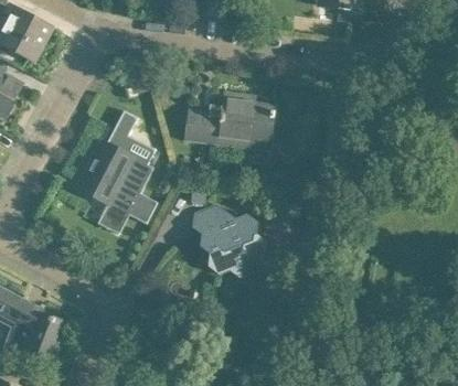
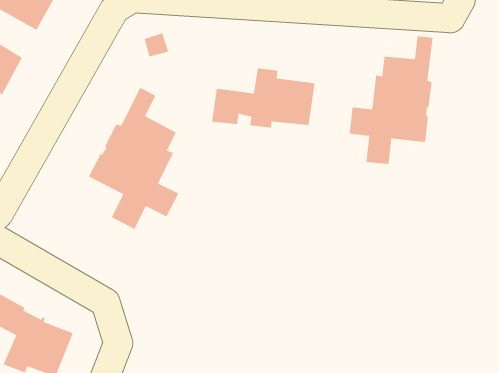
building: none -> [349,35,433,165]
building: [192,204,265,276] -> none

